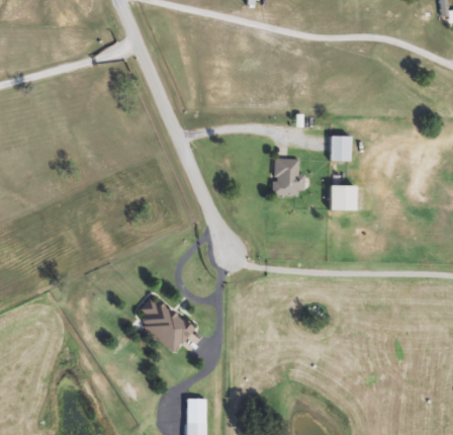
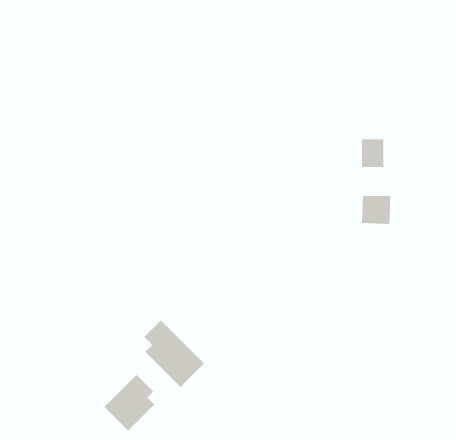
building: [274,158,304,195] -> none
building: none -> [103,374,155,432]

